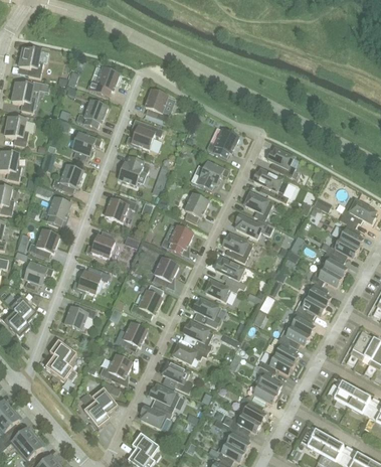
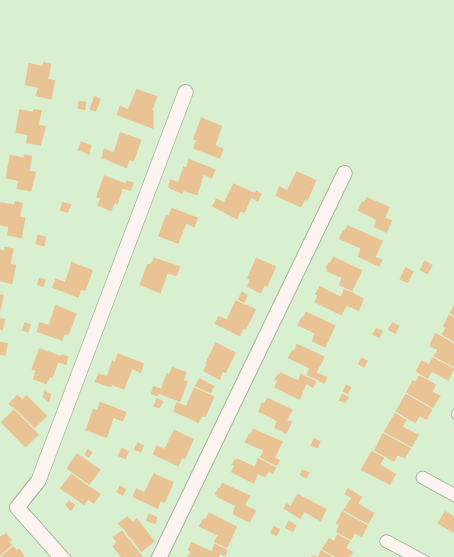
building: [191,161,229,189] -> [211,183,263,220]
building: [51,164,83,192] -> none
building: [85,229,115,257] -> [150,366,189,403]
building: [258,352,293,374] -> [282,493,328,522]

